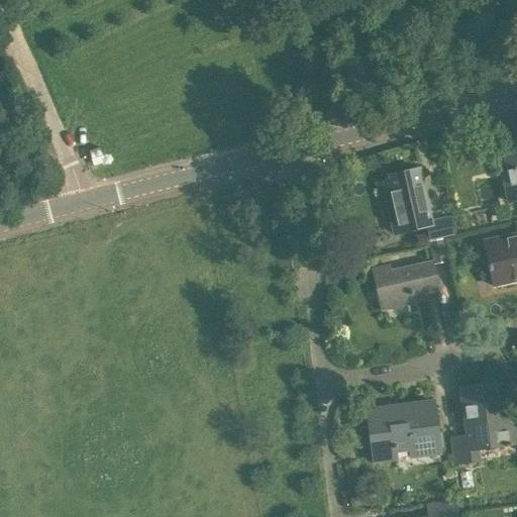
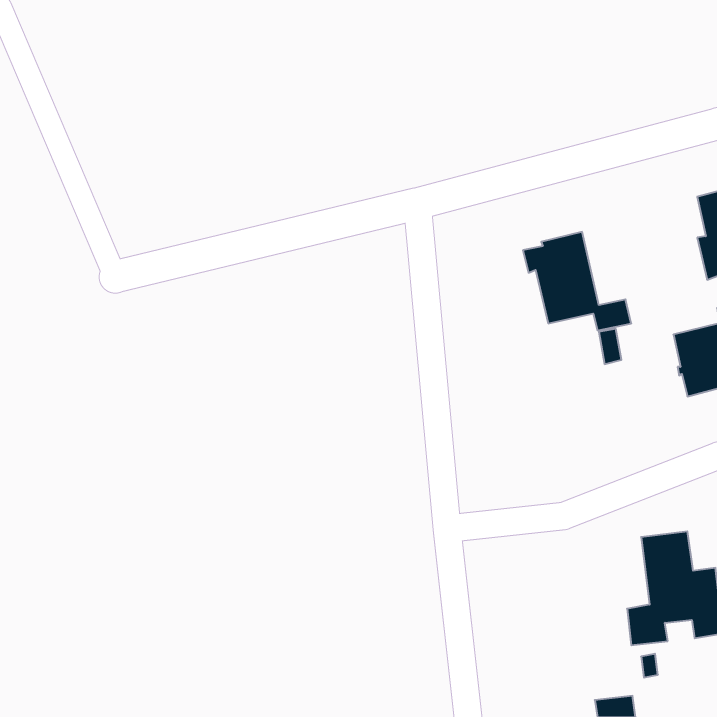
building: [374,261,438,308] -> none
building: [368,400,440,461] -> none

